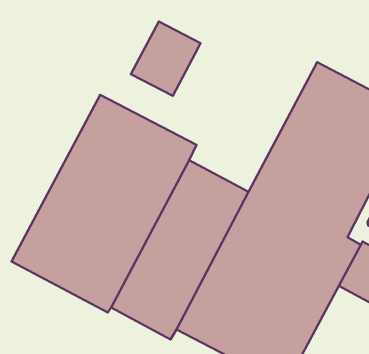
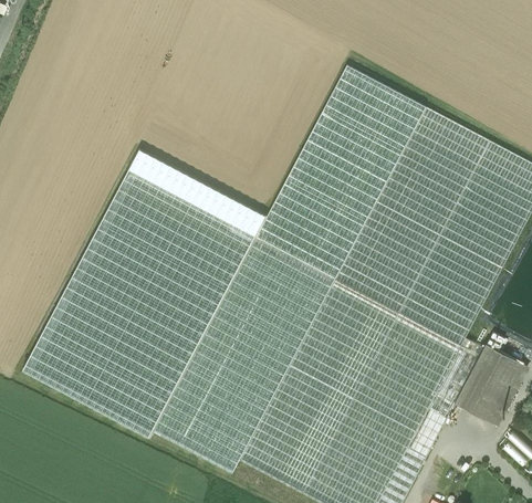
building: [131,22,201,96] -> none
building: none -> [257,64,426,277]

